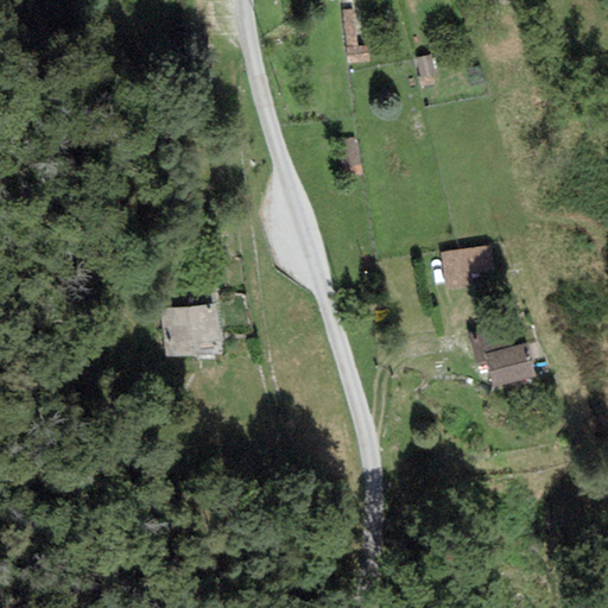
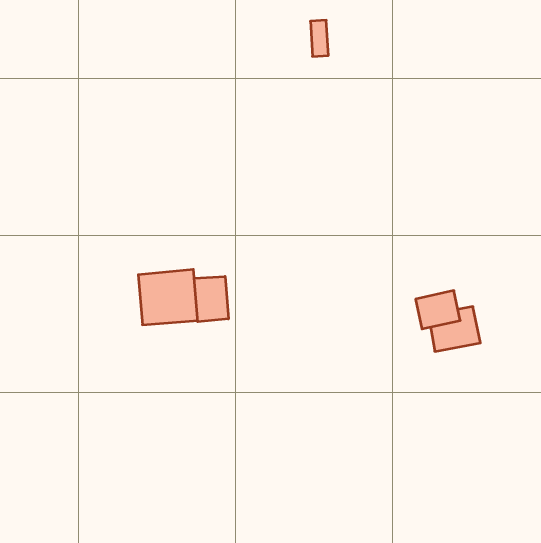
building: [437,243,499,291] -> none
building: none -> [194,276,228,322]

